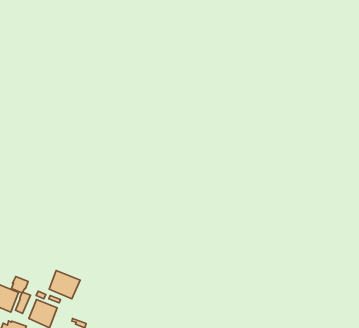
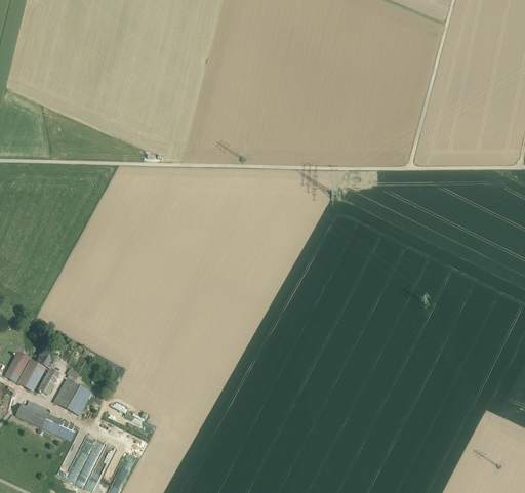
building: [49,270,80,299] -> none

